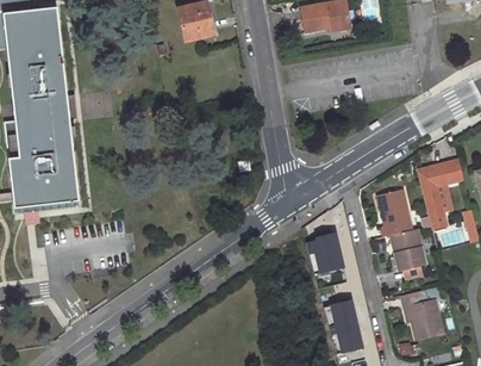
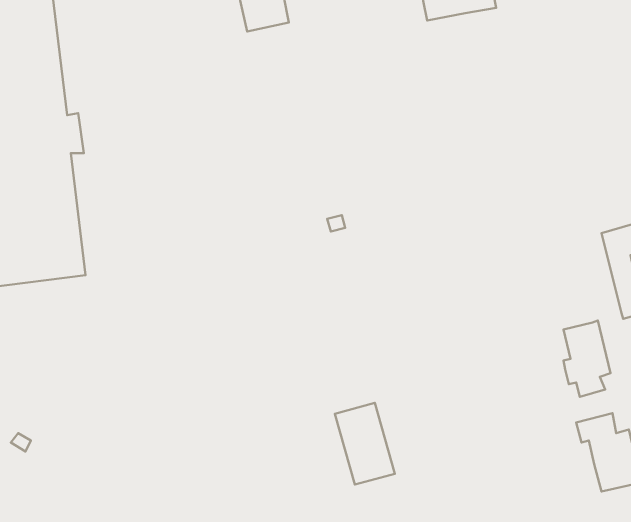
building: [376,191,412,238] -> none
building: [308,235,348,275] -> none
building: [326,300,366,354] -> [335,403,395,485]

